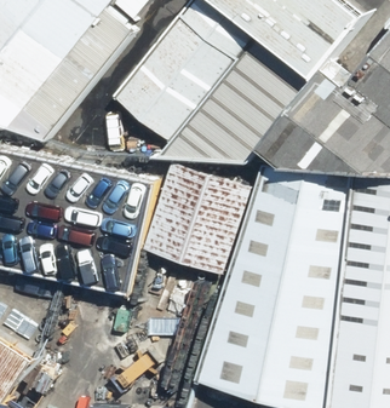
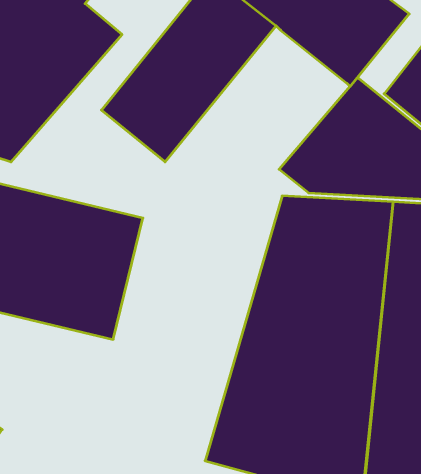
building: [161,31,316,162] -> none
building: [143,162,250,275] -> none

